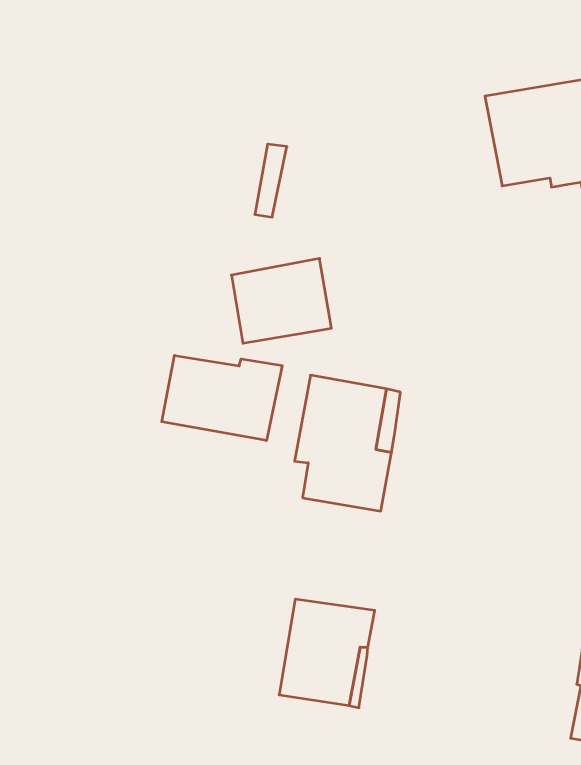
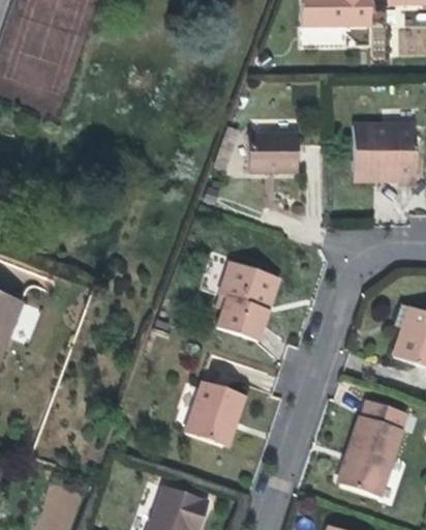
building: [231,258,331,343] -> [248,131,298,171]
building: [162,355,282,441] -> none

